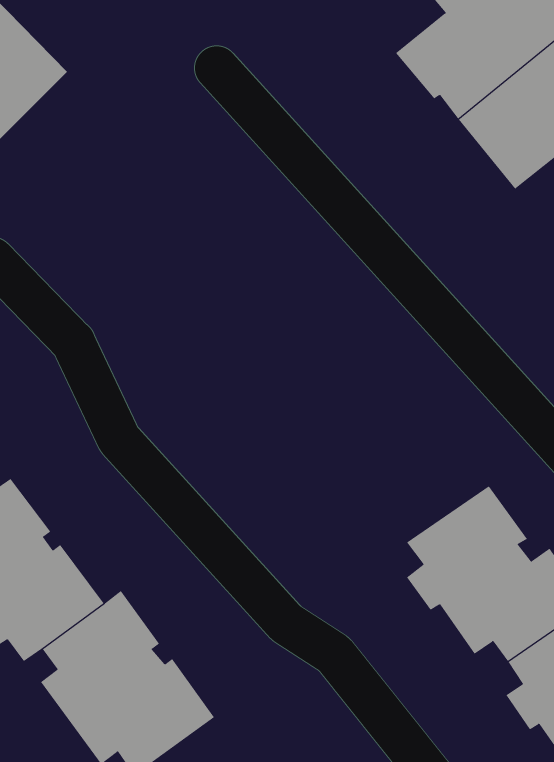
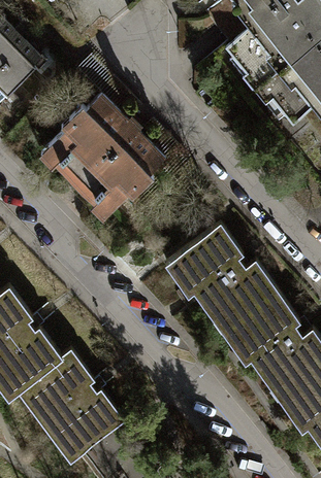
building: none -> [45,96,164,214]
building: none -> [174,224,278,325]

